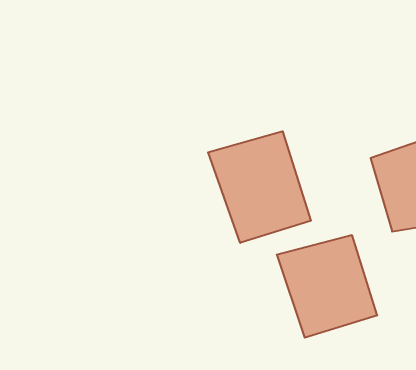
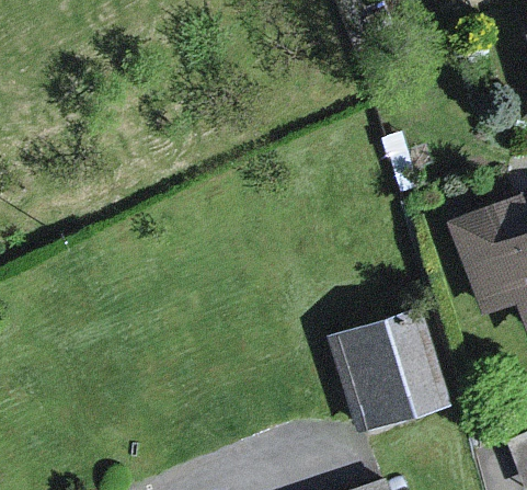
building: [208,131,311,243] -> none

